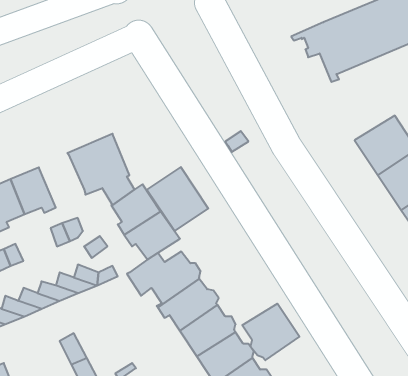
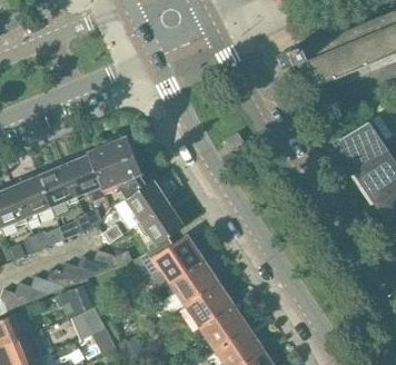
building: none -> [63,154,102,199]
building: [147,167,208,231] -> none
building: [242,304,299,360] -> none
building: none -> [58,284,93,317]

